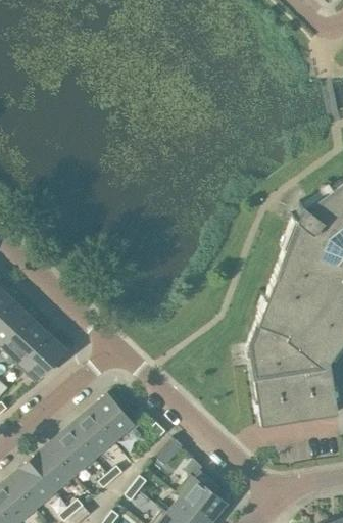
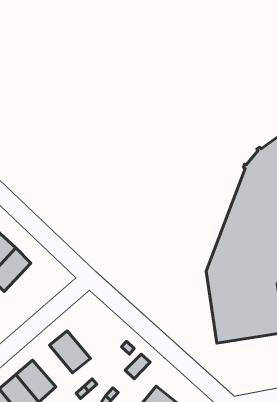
building: [18,334,67,384] -> none
building: [91,394,137,443] -> none
building: [51,428,97,476] -> none

